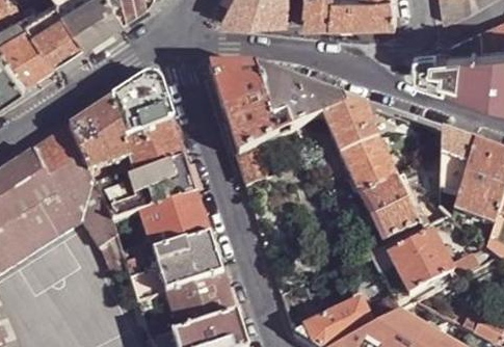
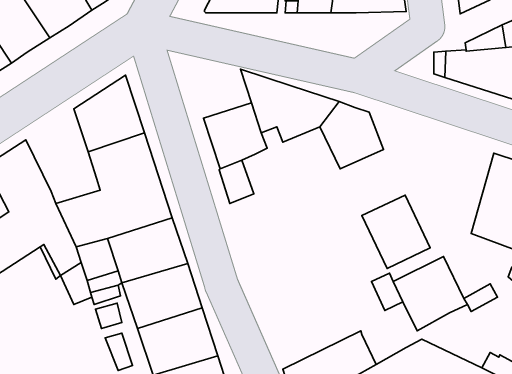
building: [208,71,262,114] -> none
building: [67,106,128,178] -> none
building: [439,134,472,225] -> none
building: [339,141,395,198] -> none

